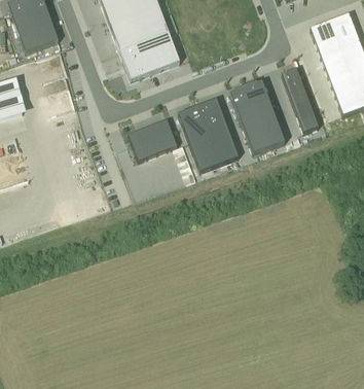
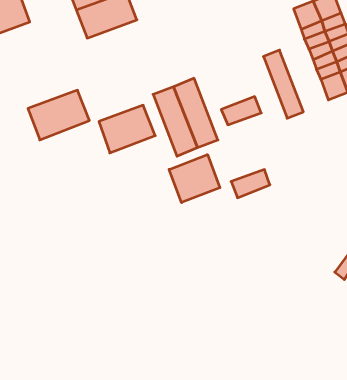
building: [113,38,172,85] -> [28,90,89,140]
building: [229,80,272,123] -> none
building: [247,127,284,153] -> [231,170,270,198]
building: none -> [169,155,220,203]

